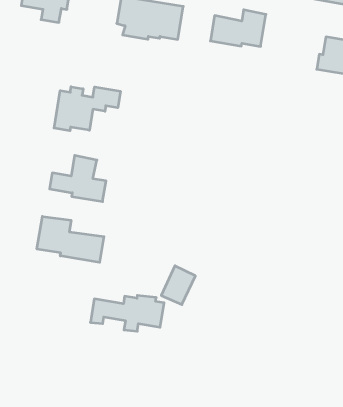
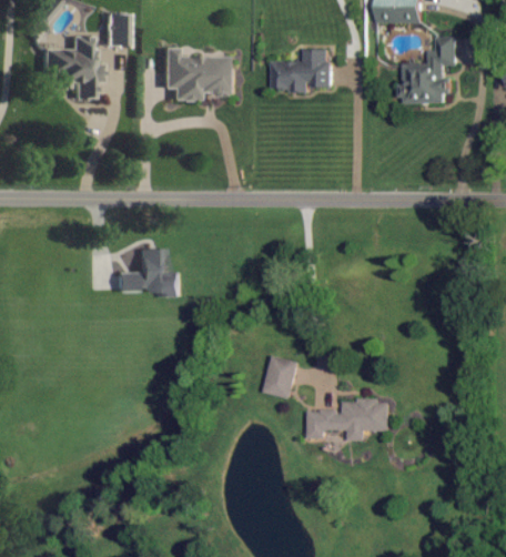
building: [54,87,120,131] -> none
building: [37,216,104,262] -> none
building: [90,295,164,331] -> [307,396,388,439]

